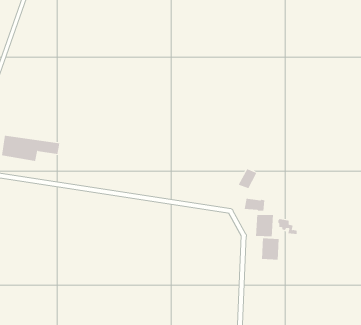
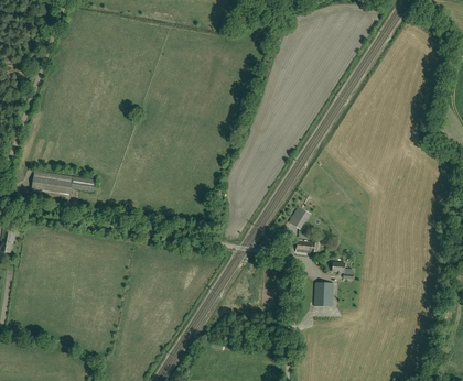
building: [256,214,273,237] -> none

